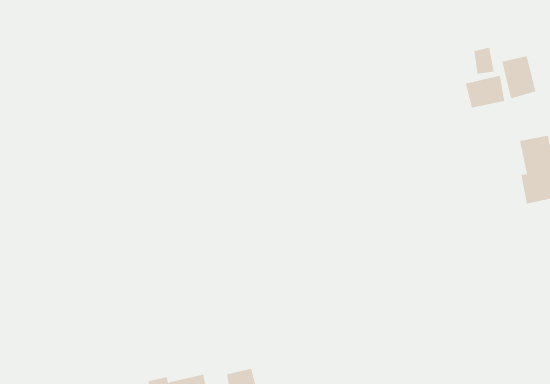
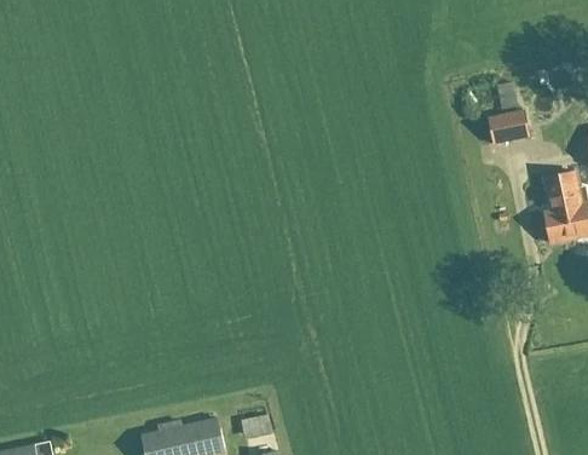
building: [502,55,536,99] -> none

